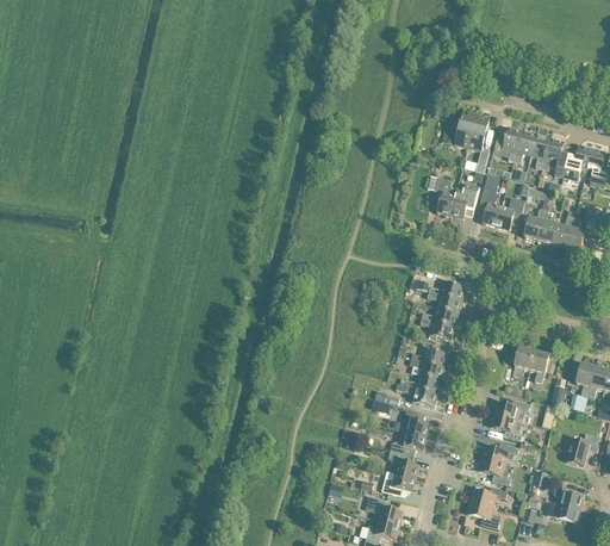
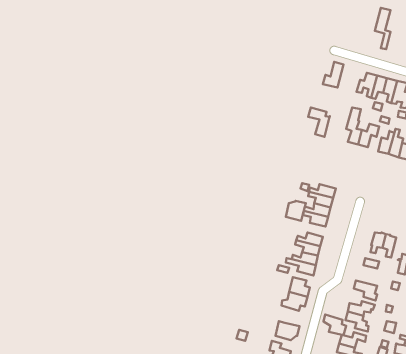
building: [467,114,488,172] -> [375,8,390,49]
building: [449,182,479,217] -> none
building: none -> [286,201,306,221]
building: [492,398,530,421] -> none
building: [387,448,418,477] -> [324,315,346,335]

